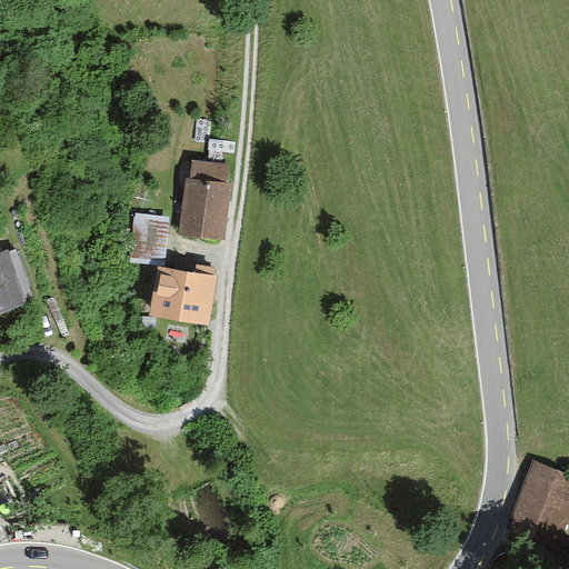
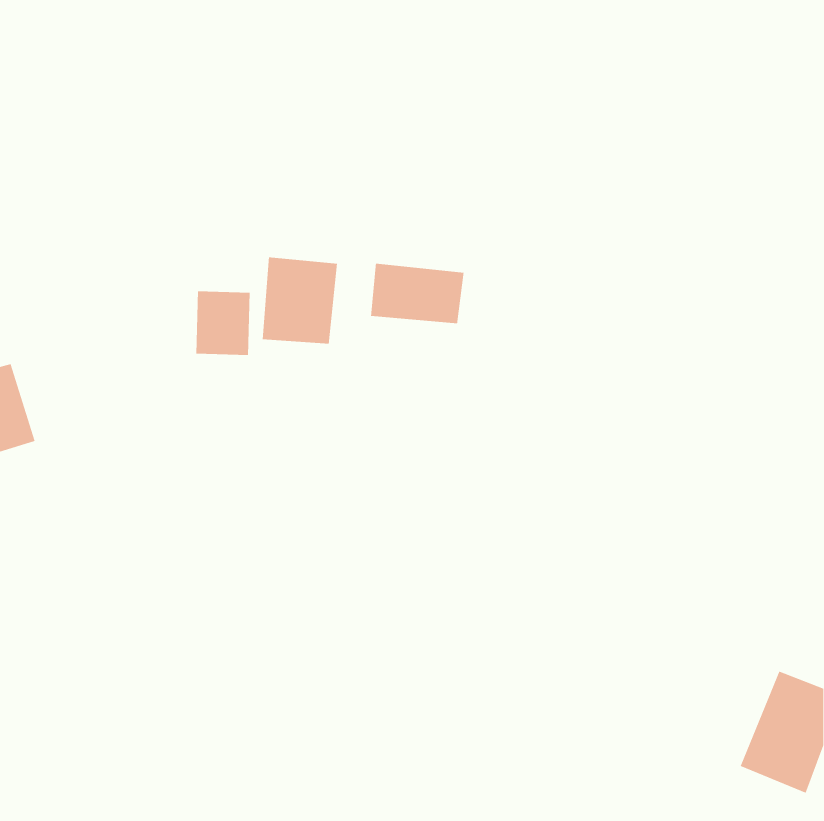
building: none -> [371,263,464,324]
building: [148,262,214,325] -> none

